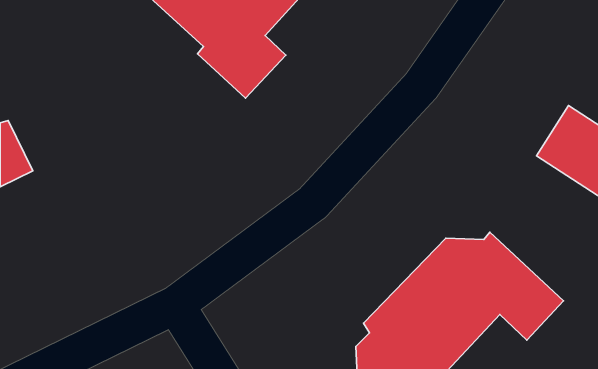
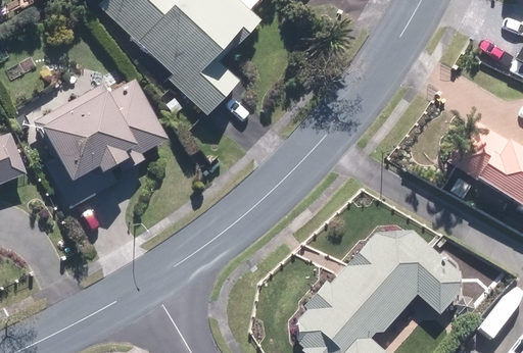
building: none -> [23,61,169,210]

